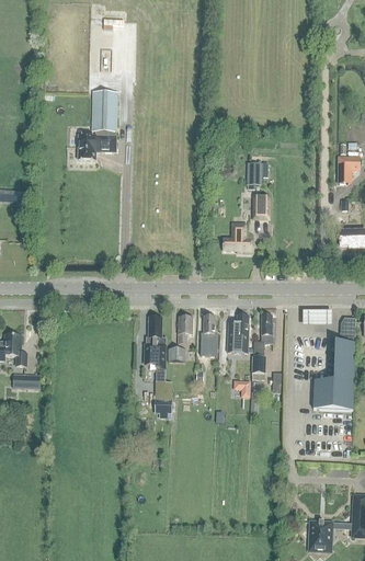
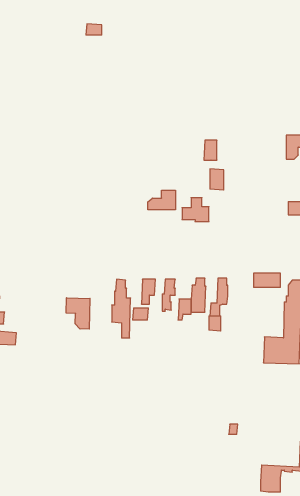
building: [78,91,117,159] -> none
building: none -> [148,190,175,210]
building: none -> [66,298,90,329]

